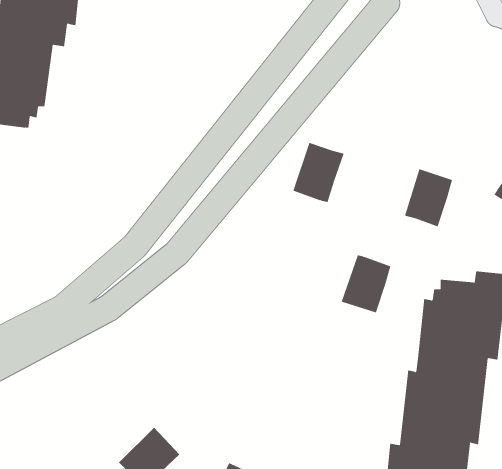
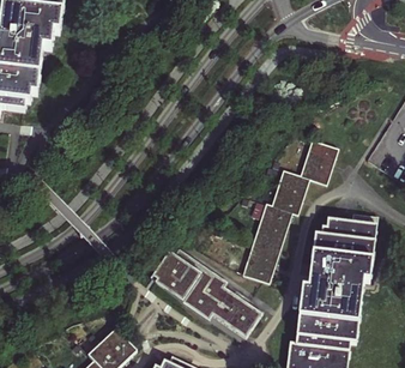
building: [293,142,345,202] -> [271,168,309,212]
building: none -> [242,237,280,282]
building: none -> [152,242,262,337]

